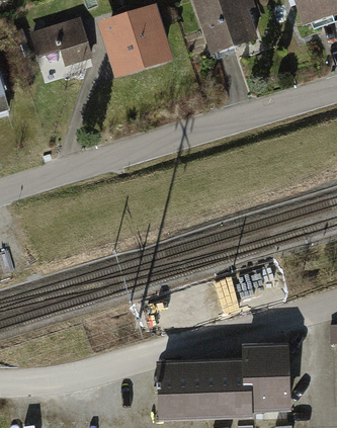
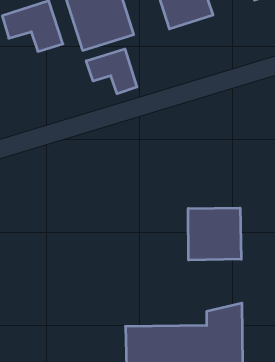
building: none -> [86,49,137,94]
building: none -> [188,208,241,260]

